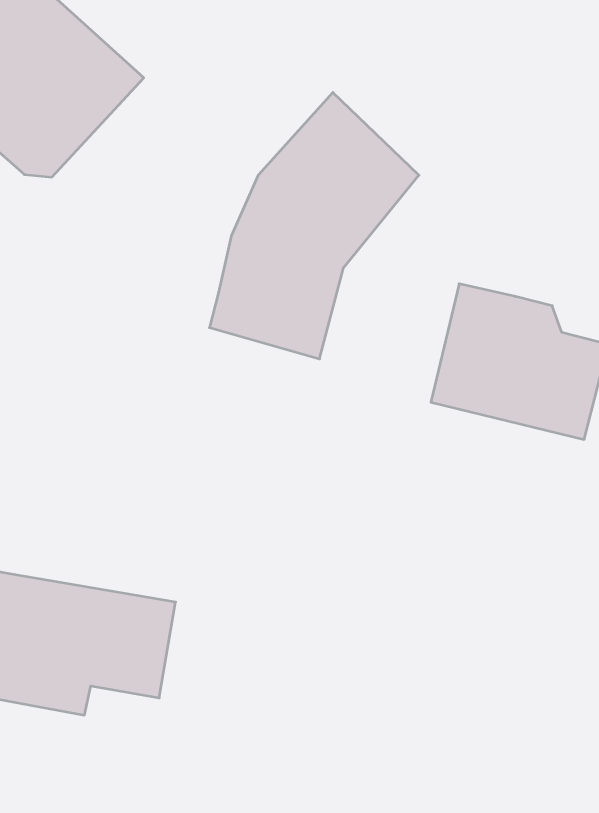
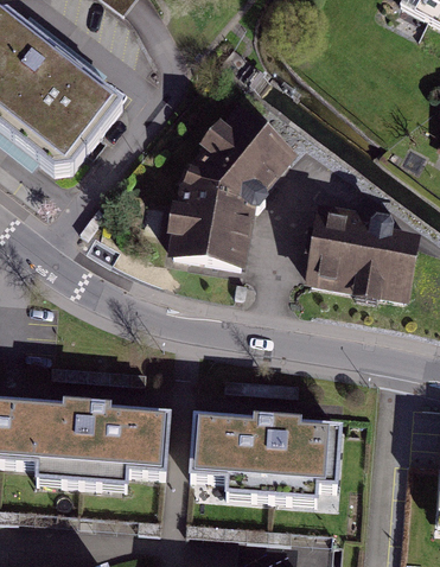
building: none -> [190,408,345,497]

